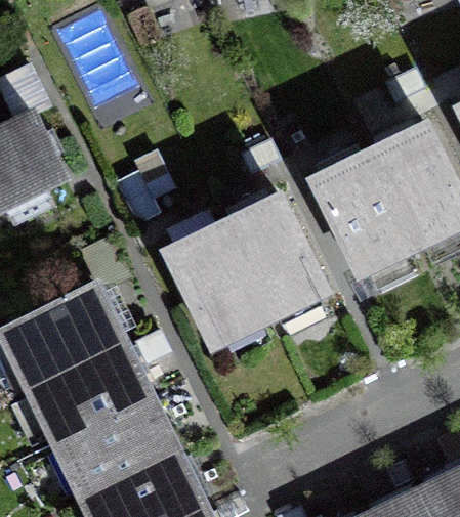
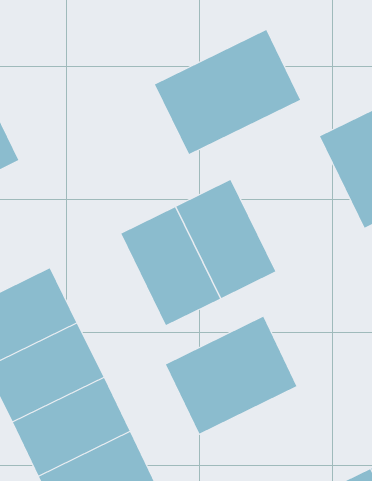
building: none -> [154,29,301,155]
building: [312,150,415,272] -> none
building: none -> [165,316,297,434]

